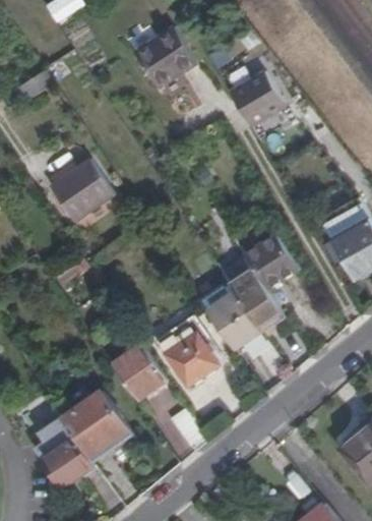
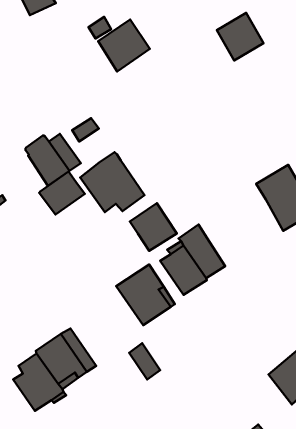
building: [226,69,281,125] -> [217,13,264,60]
building: none -> [80,152,144,212]
building: none -> [39,172,85,214]
building: [242,233,297,289] -> [130,203,177,251]
building: [110,343,166,400] -> none

